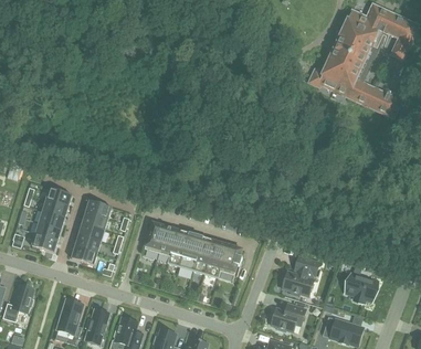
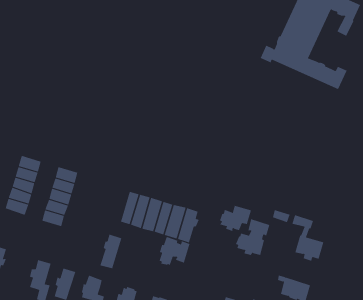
building: [141,221,166,258] -> [100,234,122,269]
building: none -> [159,236,190,266]
building: [270,303,305,331] -> [219,205,252,232]

